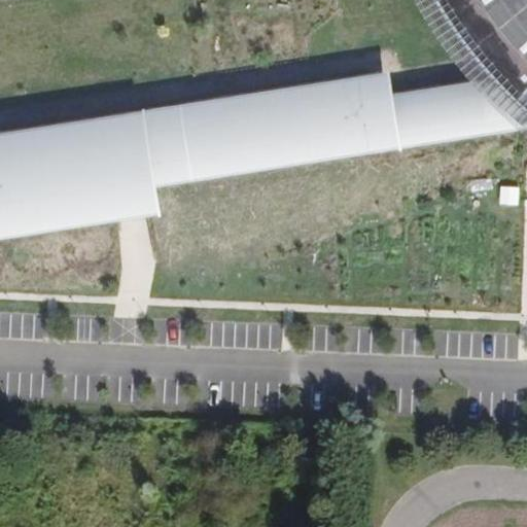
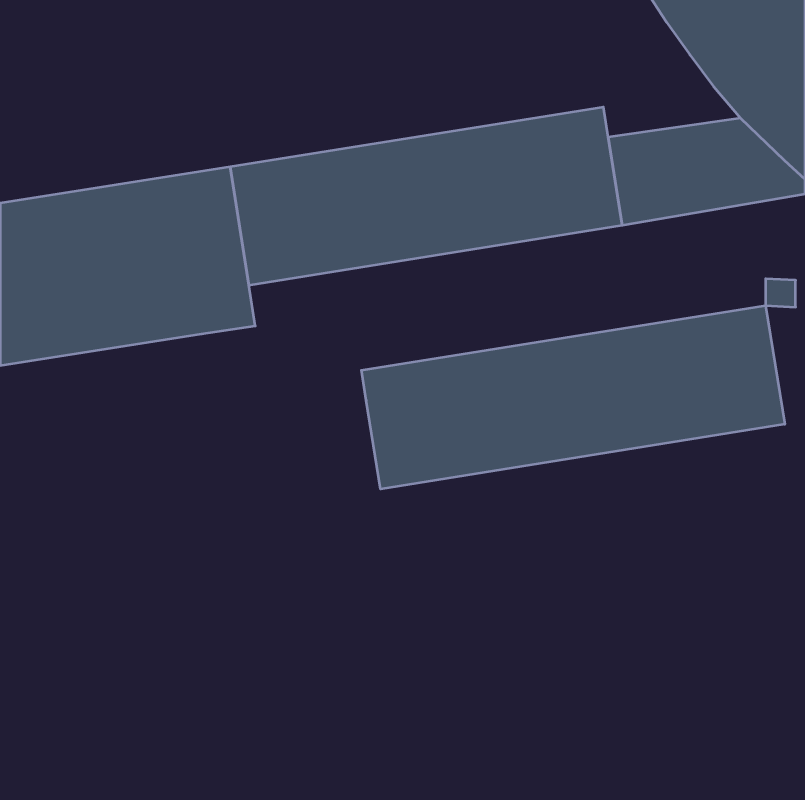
building: none -> [361,306,785,489]

